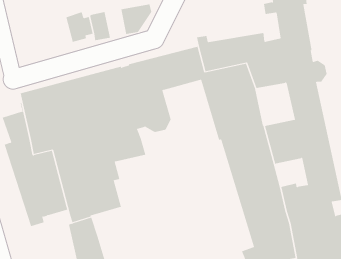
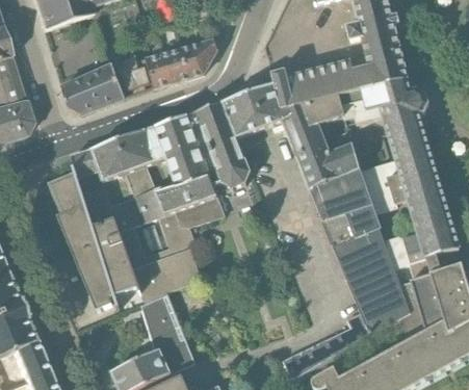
building: none -> [163,46,189,80]
building: none -> [62,61,126,112]

